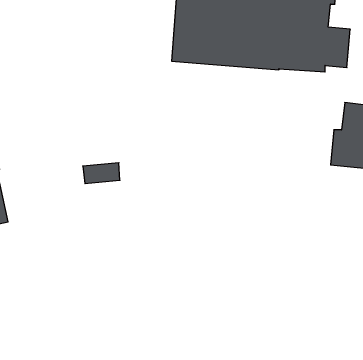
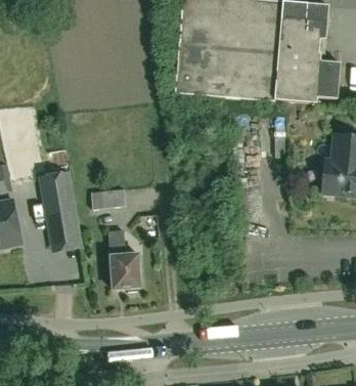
building: none -> [40,171,80,250]
building: none -> [108,229,140,291]

